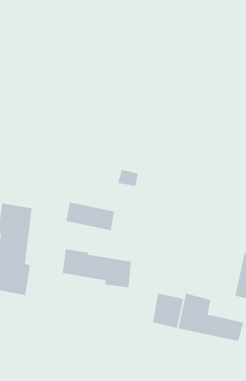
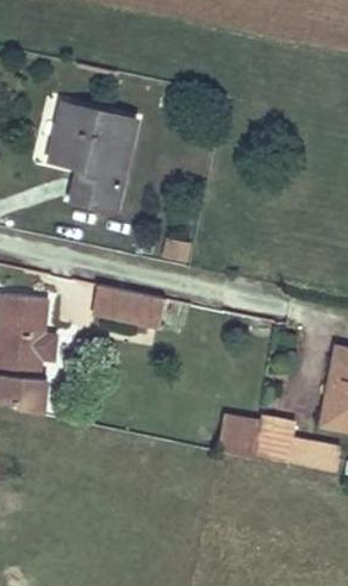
building: none -> [51,102,130,211]
building: [62,248,132,288] -> none

